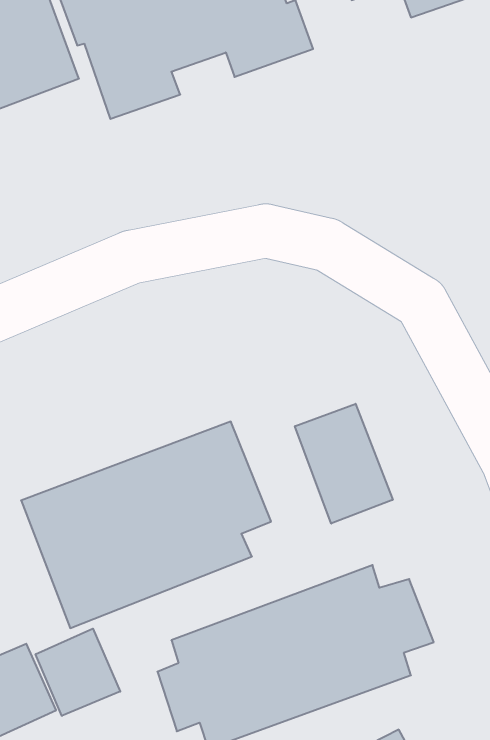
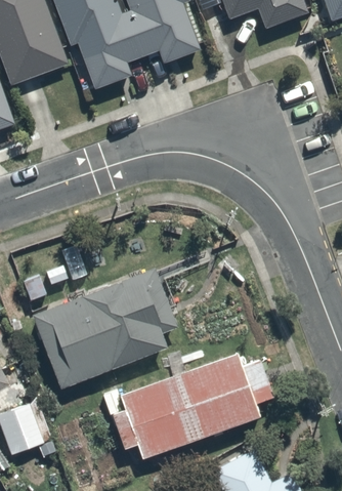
building: [295,404,393,524] -> none
building: [36,629,120,716] -> none

